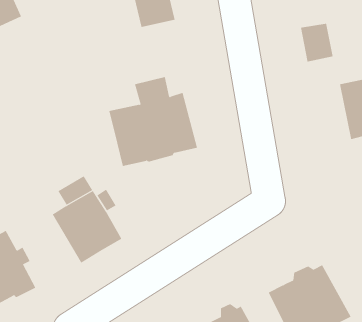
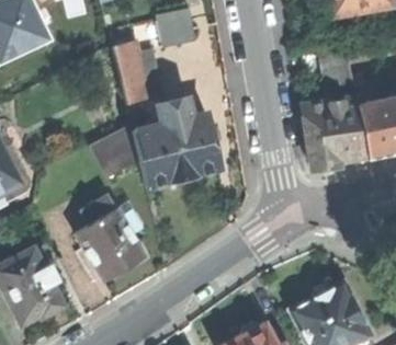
building: none -> [112,41,162,104]
building: none -> [305,97,370,170]
building: none -> [91,125,139,179]

